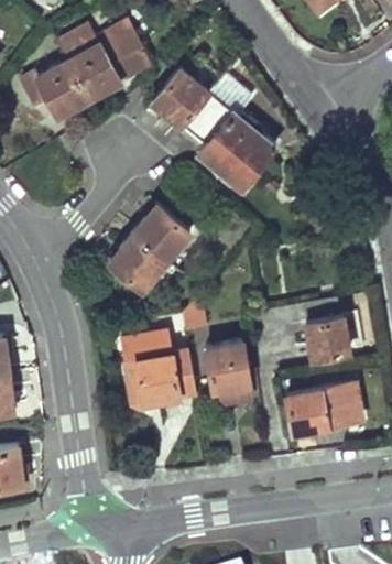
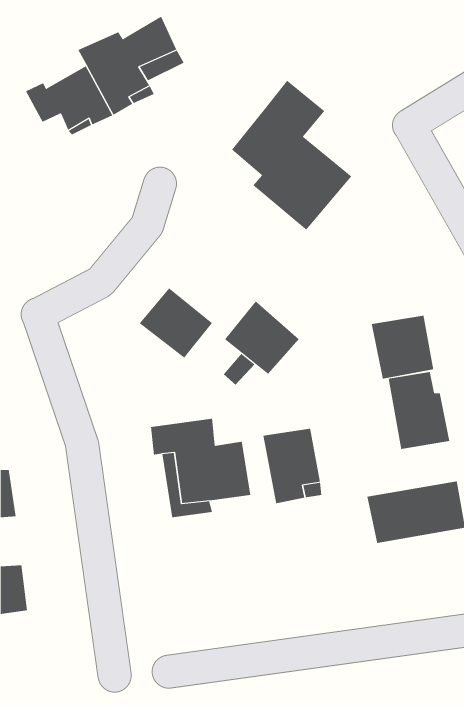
building: [152,69,207,126] -> none
building: [132,203,190,260] -> [224,301,300,375]
building: none -> [371,315,434,379]

